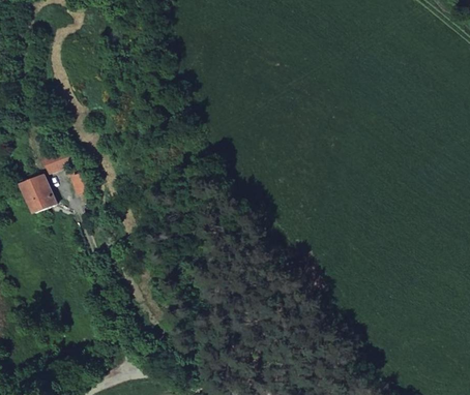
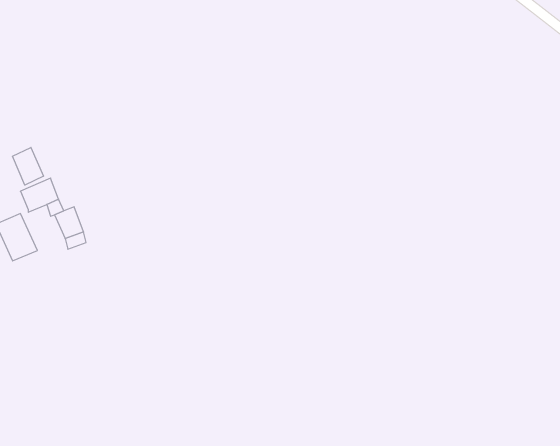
building: none -> [12,147,43,185]

